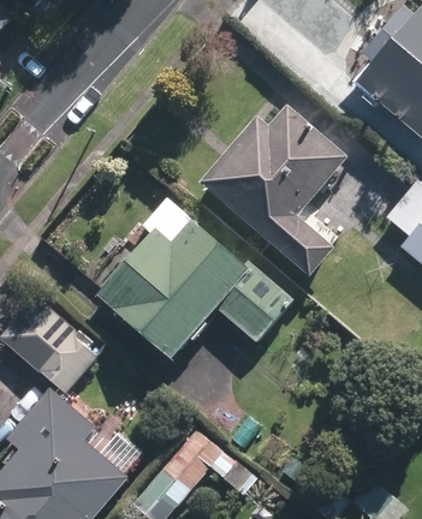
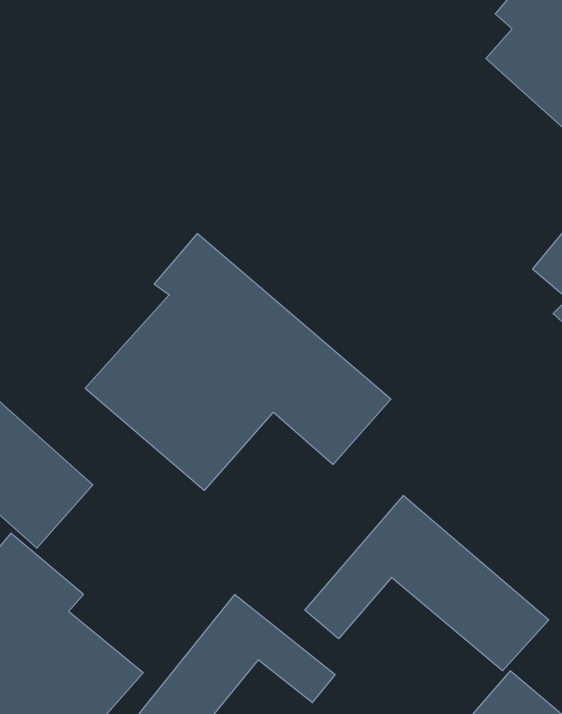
building: [200,105,347,278] -> none
building: none -> [305,496,549,671]

